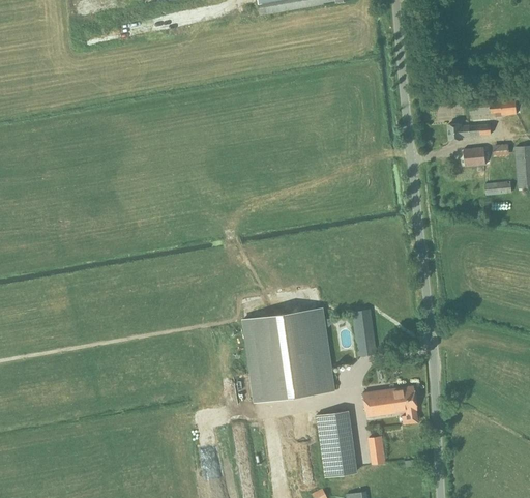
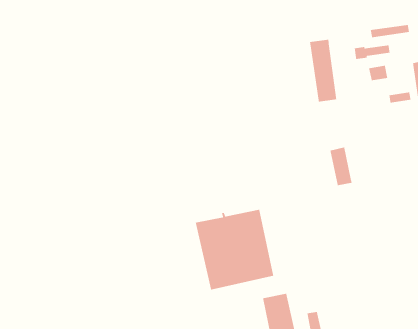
building: none -> [309,39,337,102]
building: [352,309,377,355] -> [329,146,353,186]
building: [363,386,417,424] -> none

